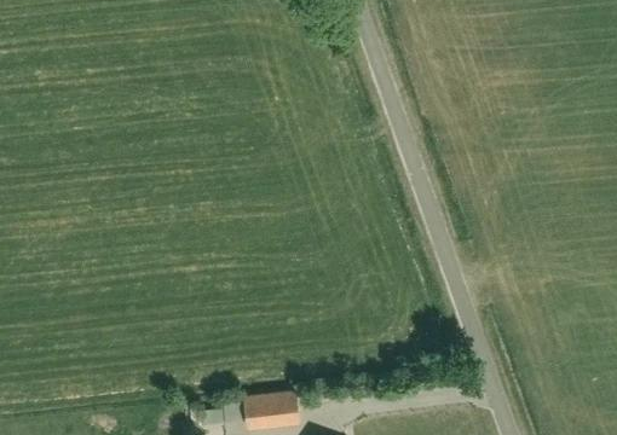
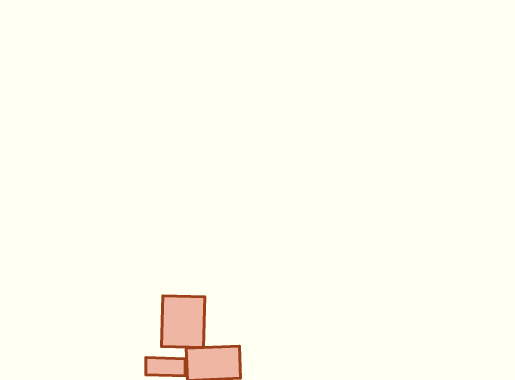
building: none -> [162,296,205,348]

